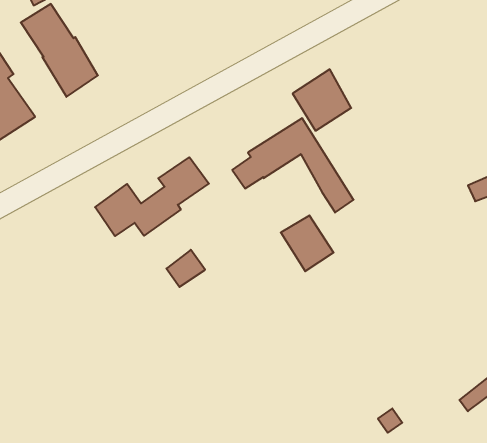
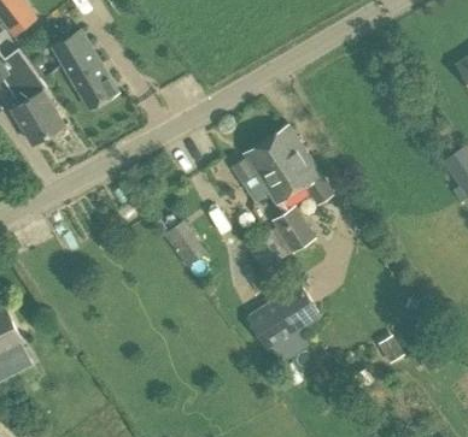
building: [293,69,351,131] -> [256,155,305,207]
building: [95,157,209,236] -> none
building: none -> [245,284,321,352]

